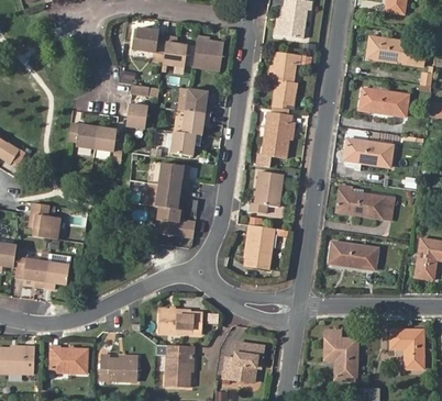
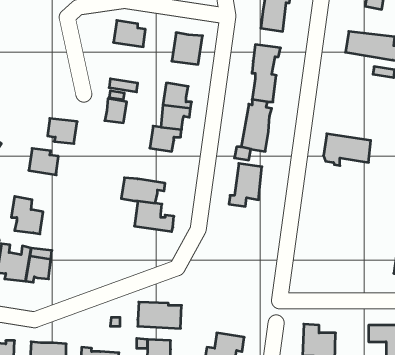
building: [162,35,195,67] -> none
building: [357,88,408,116] -> none
building: [93,127,123,154] -> [29,148,58,175]
building: [157,164,188,189] -> none
building: [335,191,393,220] -> none
building: [244,224,274,269] -> none
building: [329,242,377,271] -> none

